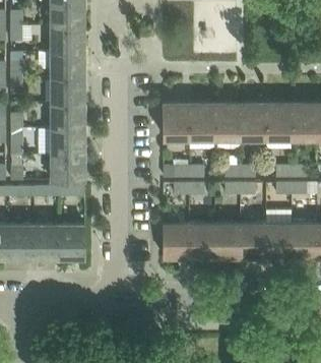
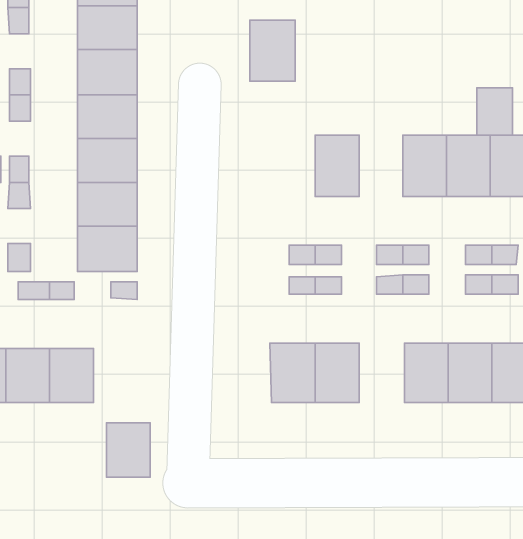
building: none -> [477,88,512,135]
building: [163,102,189,137] -> [250,20,295,81]
building: [214,102,240,137] -> none
building: [214,223,241,257] -> none
building: [60,226,85,257] -> [107,423,150,477]

